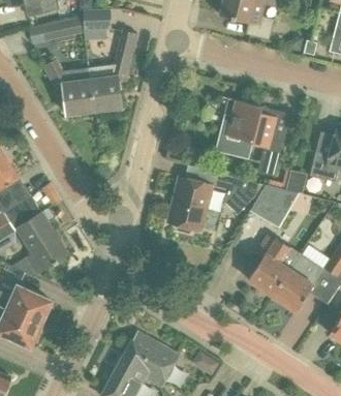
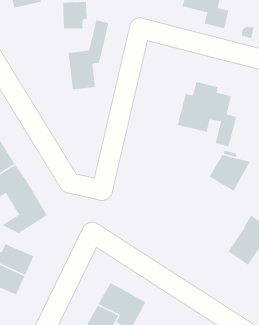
building: [42,17,83,40] -> none
building: [43,60,94,115] -> none
building: [168,165,258,233] -> none
building: [248,233,291,296] -> none

